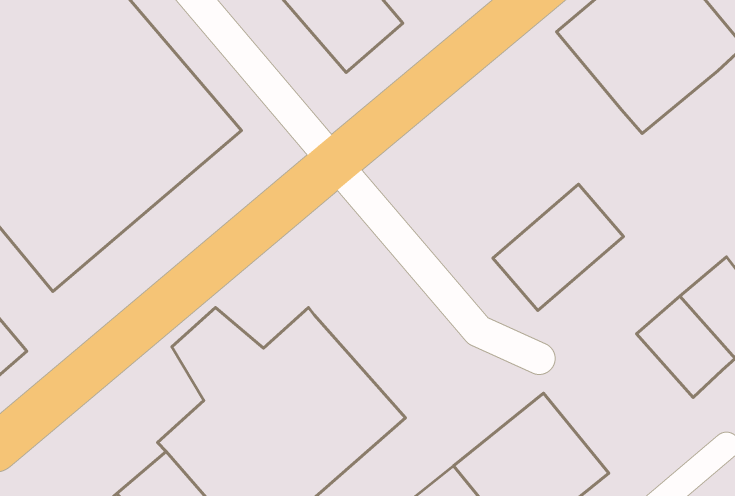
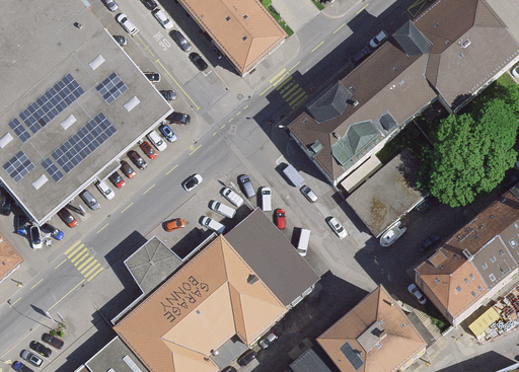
building: none -> [286,42,436,182]
building: none -> [221,211,319,311]
building: none -> [413,252,486,326]

